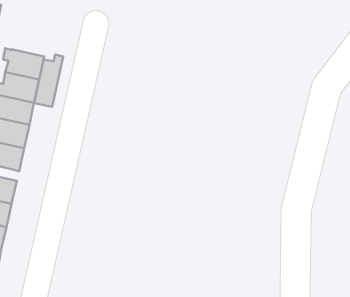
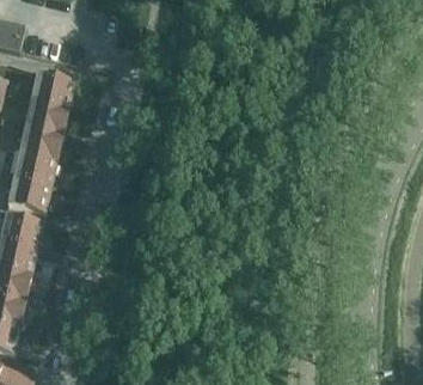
building: [34,54,63,107] -> none

